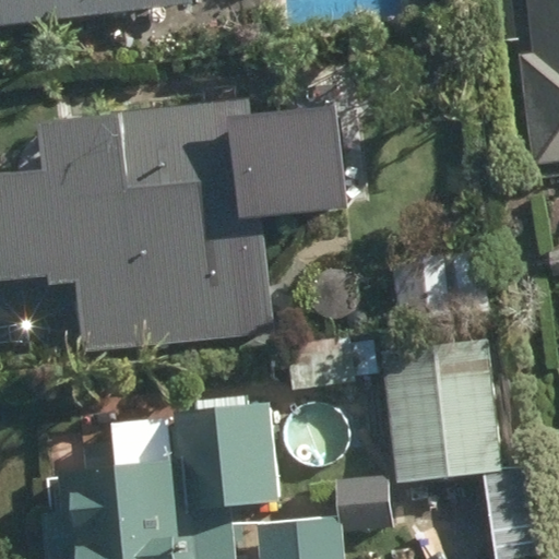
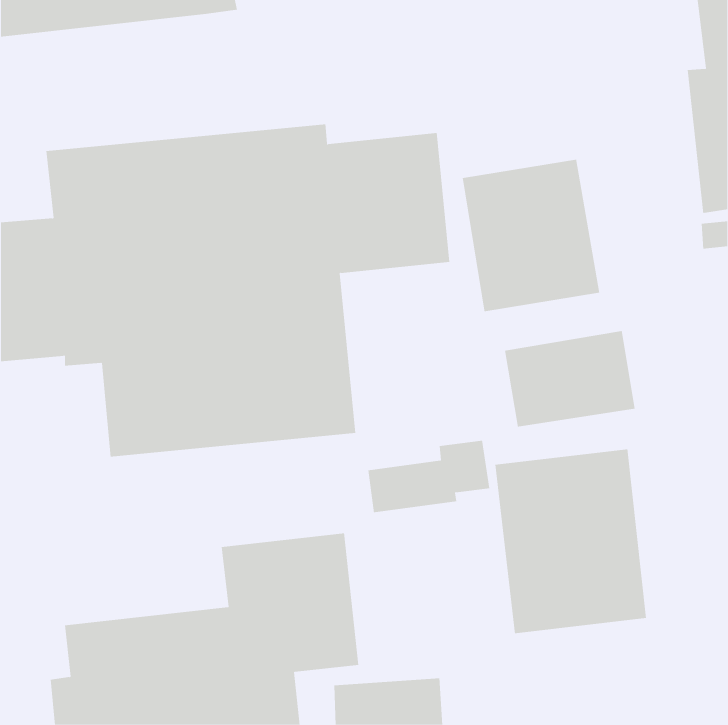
building: none -> [462,159,600,312]

